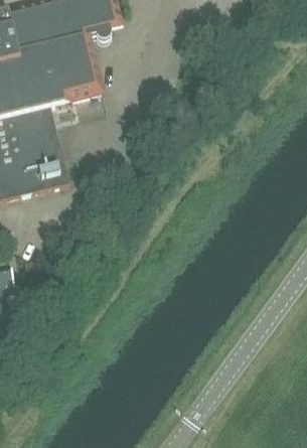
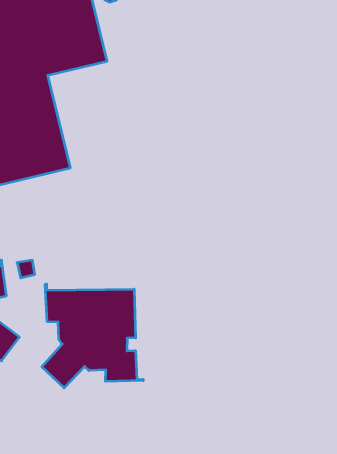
building: none -> [42,284,143,388]

